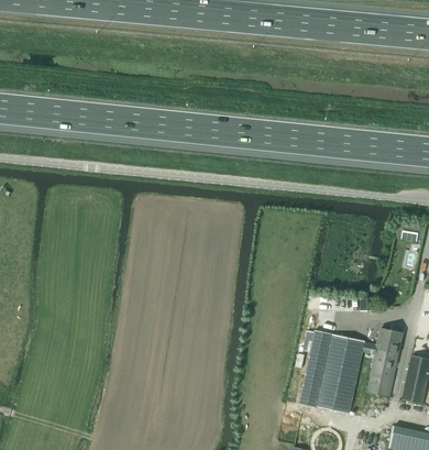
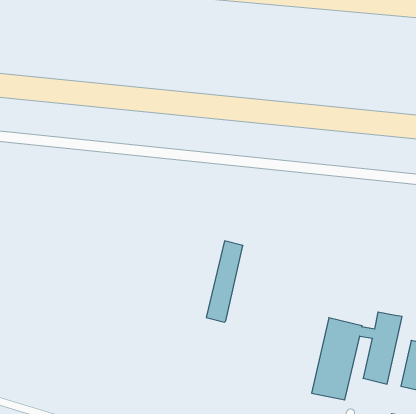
building: [297,329,332,407] -> [206,241,243,322]

